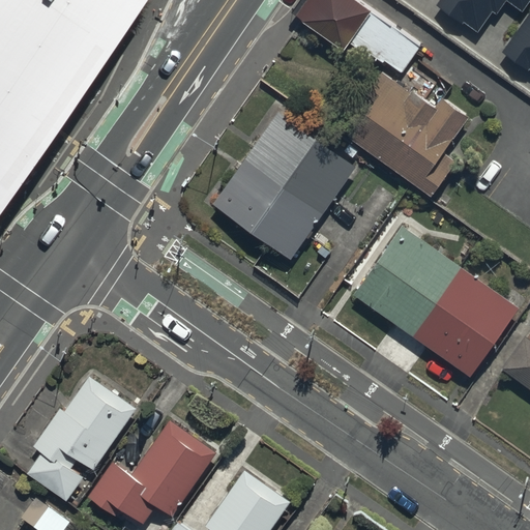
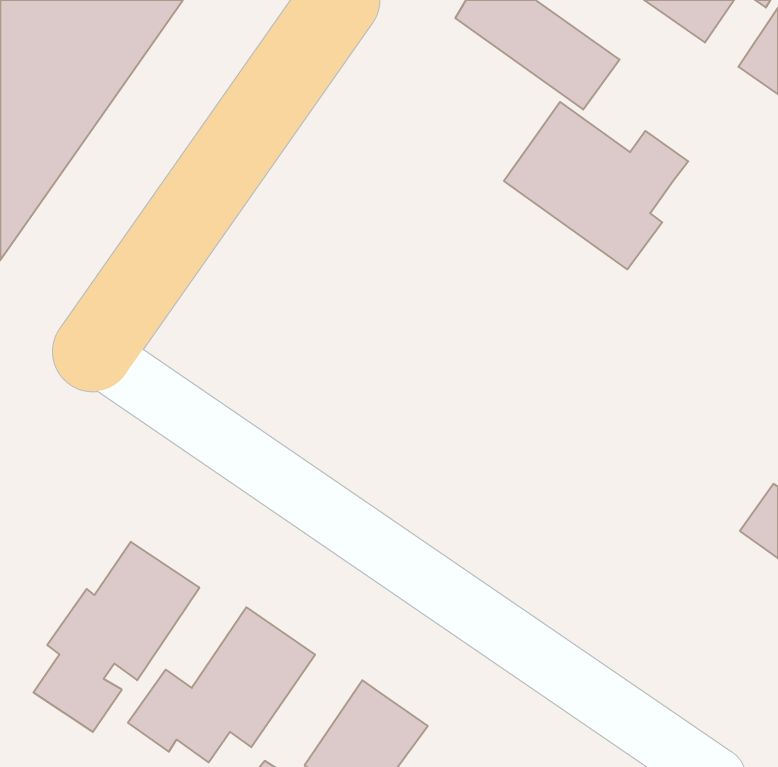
building: [208,108,358,261] -> none
building: [353,226,518,377] -> none

